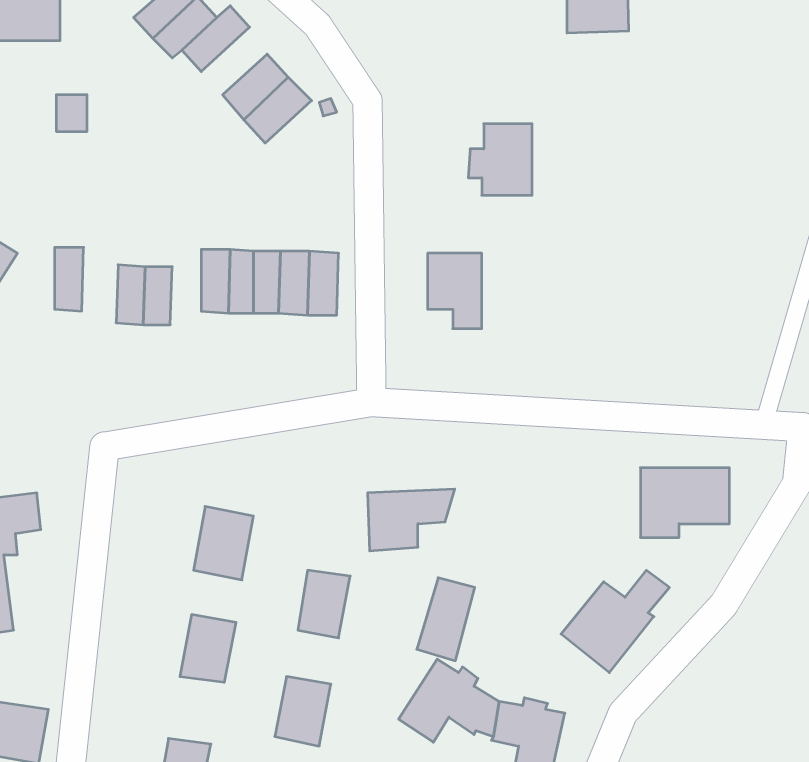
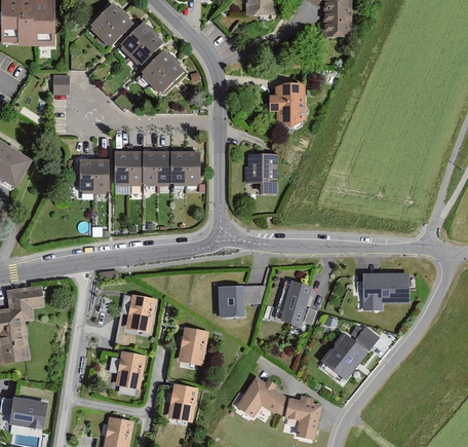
building: none -> [128,37,165,73]
building: [55,247,84,311] -> [113,155,128,189]
building: [417,578,475,661] -> [280,280,311,324]

